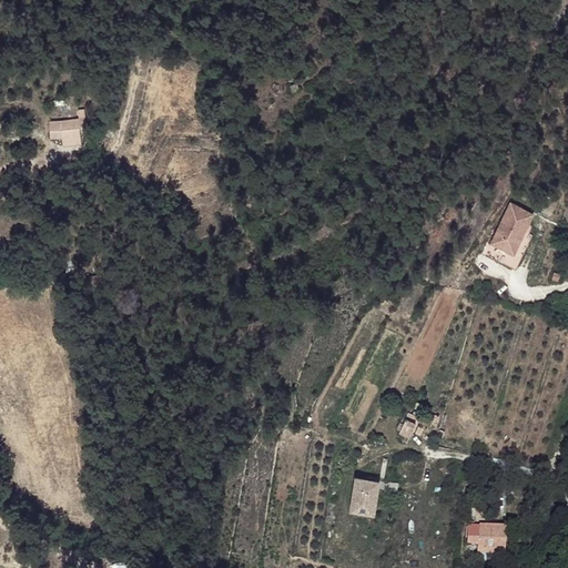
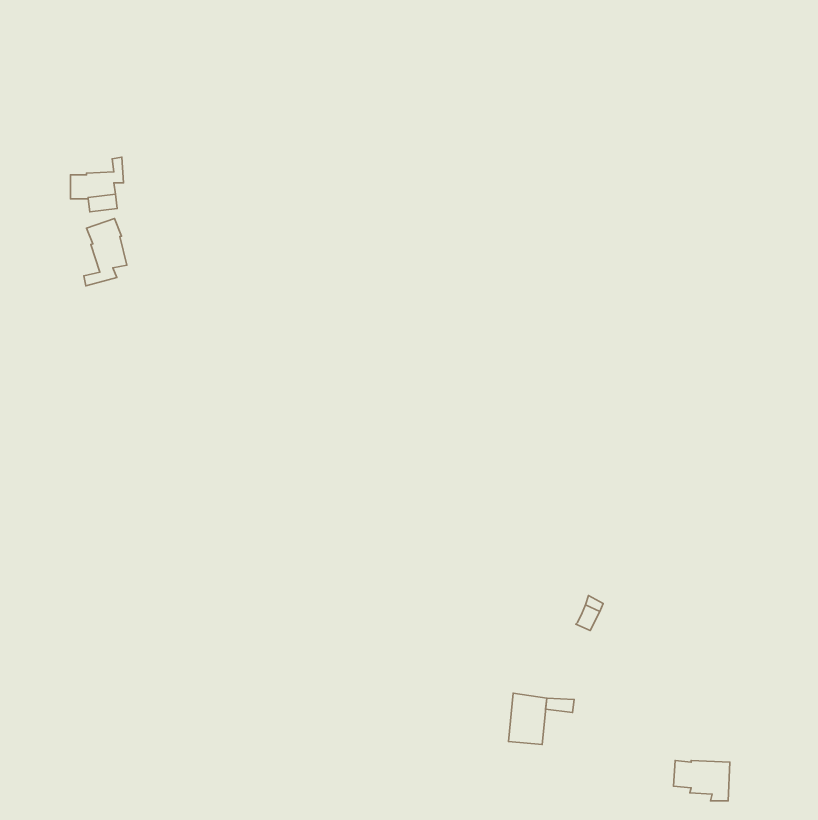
building: none -> [84,218,127,286]
building: [488,201,535,256] -> none

